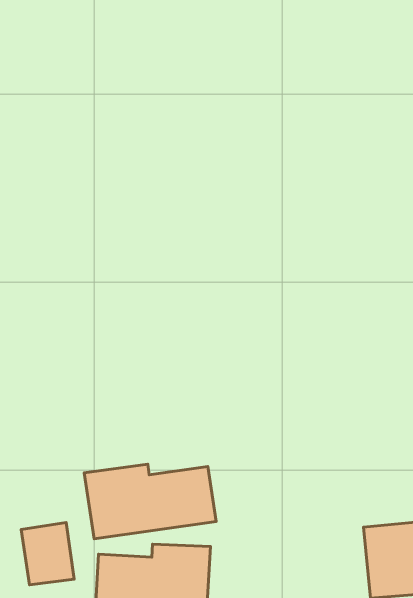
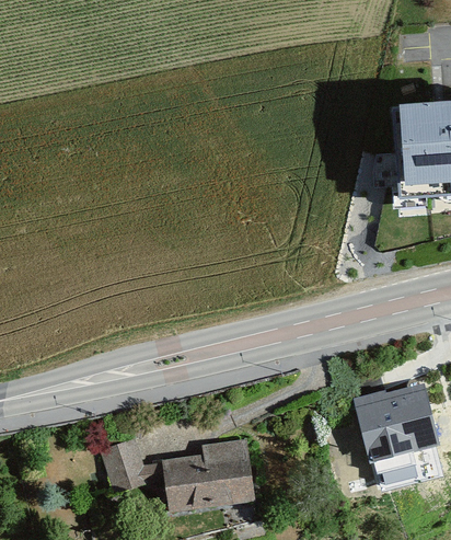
building: [84,464,216,539] -> none

